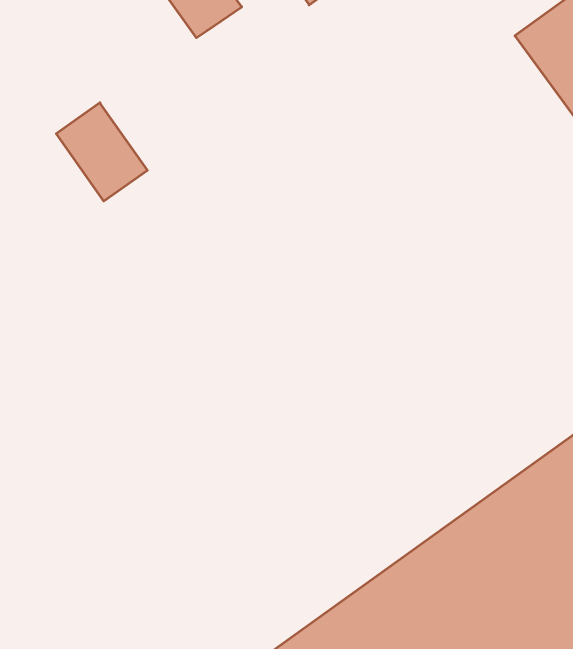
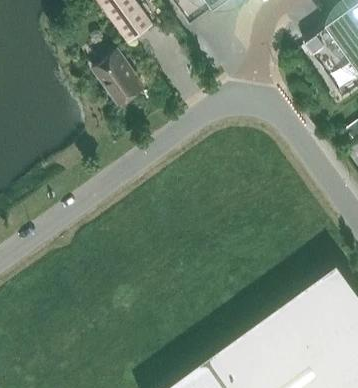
building: [56,103,147,201] -> [92,55,142,109]

